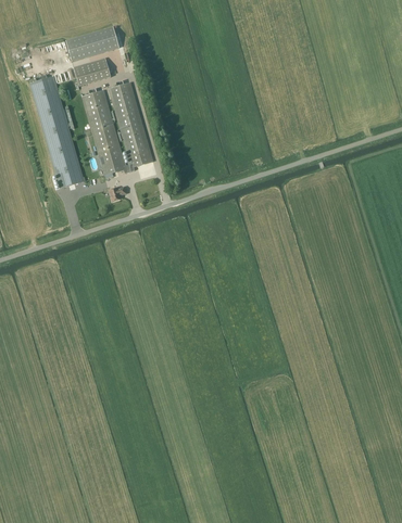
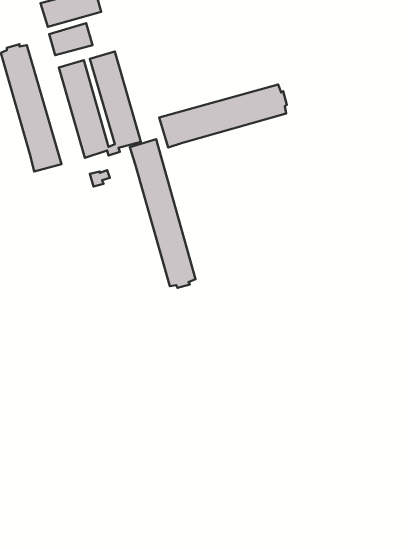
building: none -> [159,85,287,147]
building: none -> [130,139,195,288]

